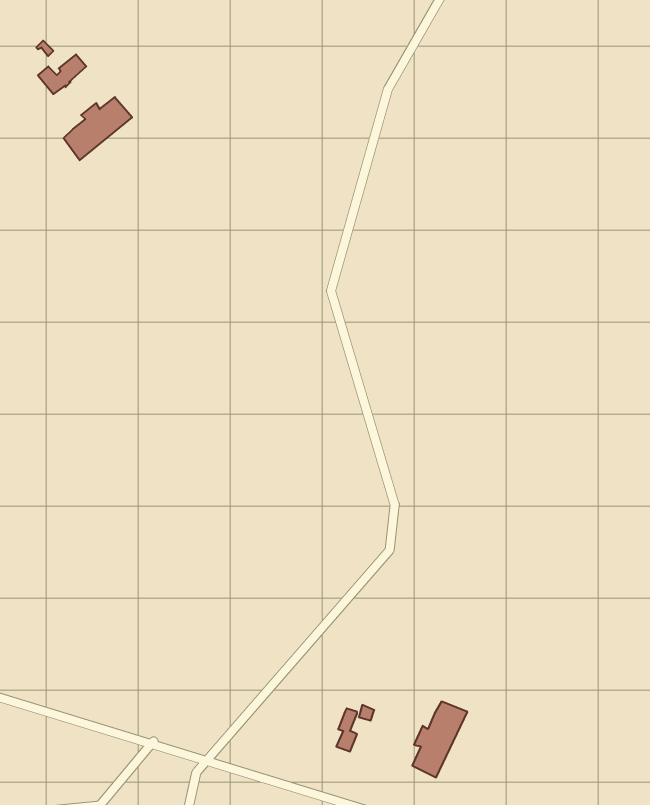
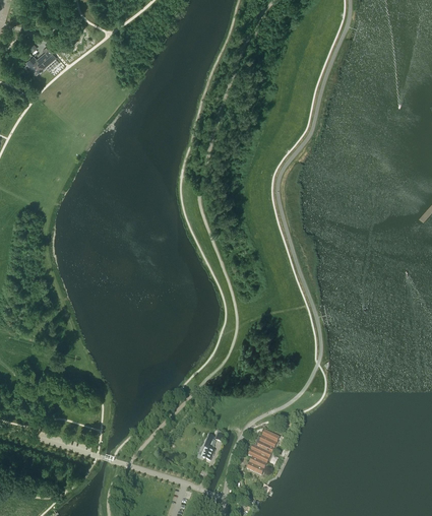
building: [64,97,132,160] -> none

